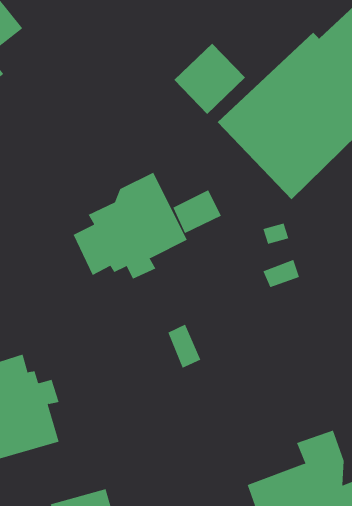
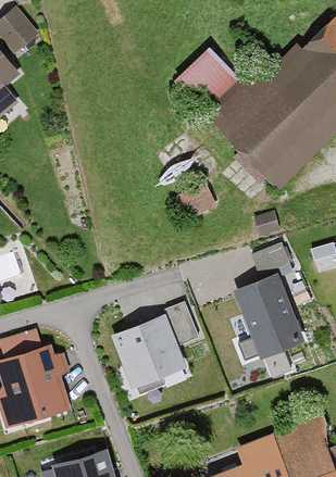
building: [73,172,188,280] -> none
building: none -> [234,274,303,356]
building: none -> [109,314,186,393]

